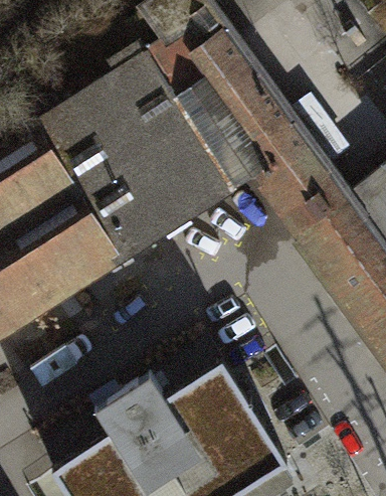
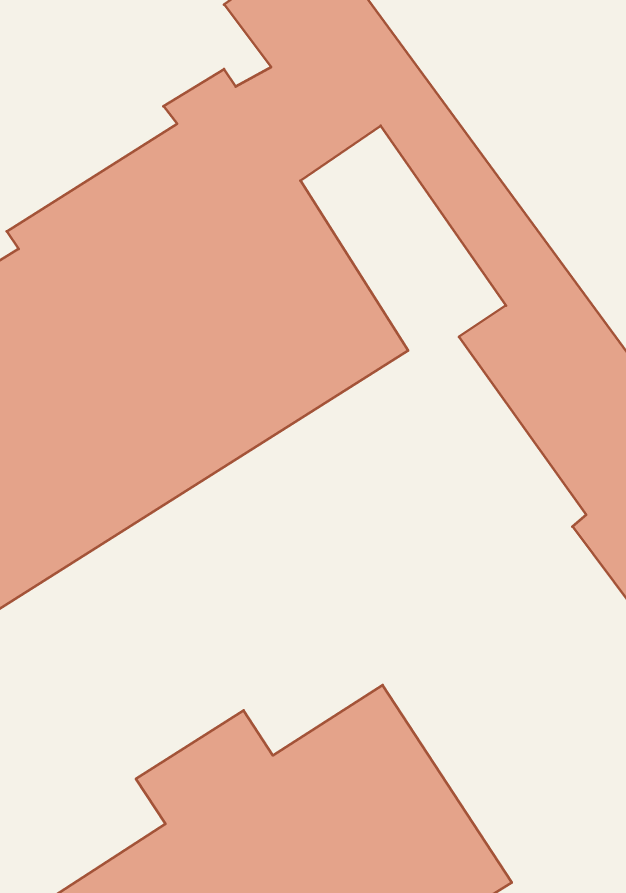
building: [180,76,285,192] -> none

